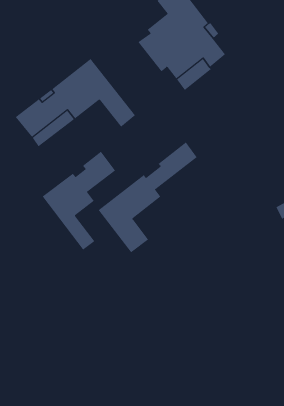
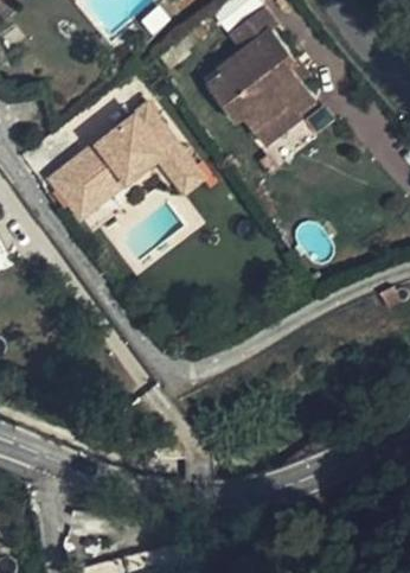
building: [98,141,197,253] -> none
building: [42,151,116,250] -> none

